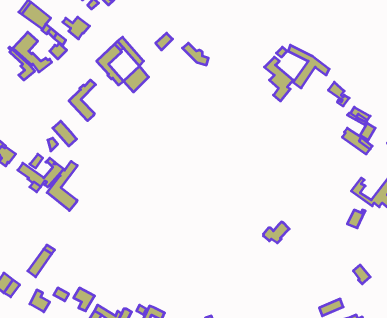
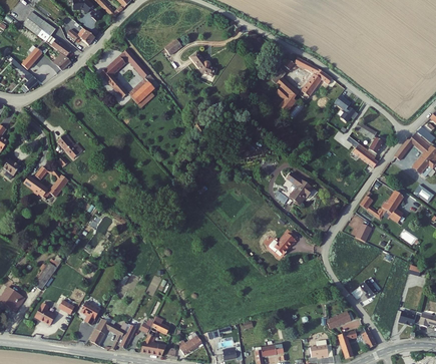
building: [69,80,96,121] -> none
building: none -> [287,172,312,205]
building: [47,161,77,211] -> none

